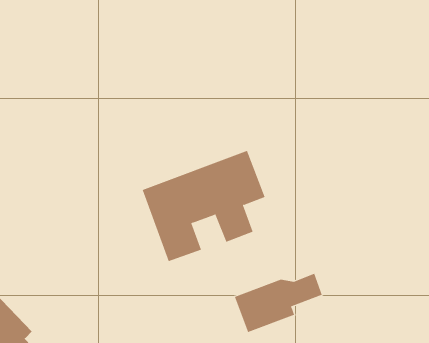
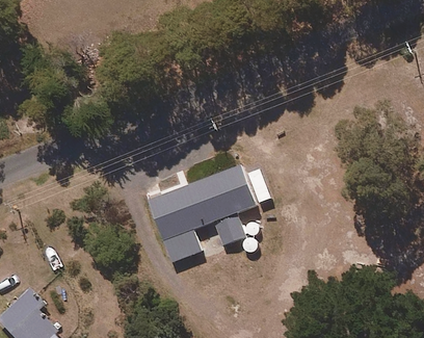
building: [234,273,323,333] -> none

